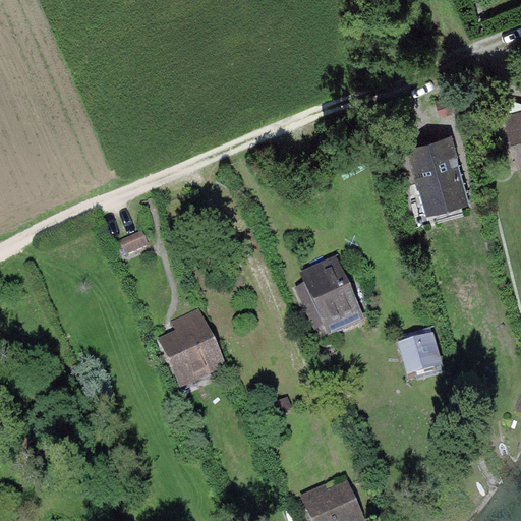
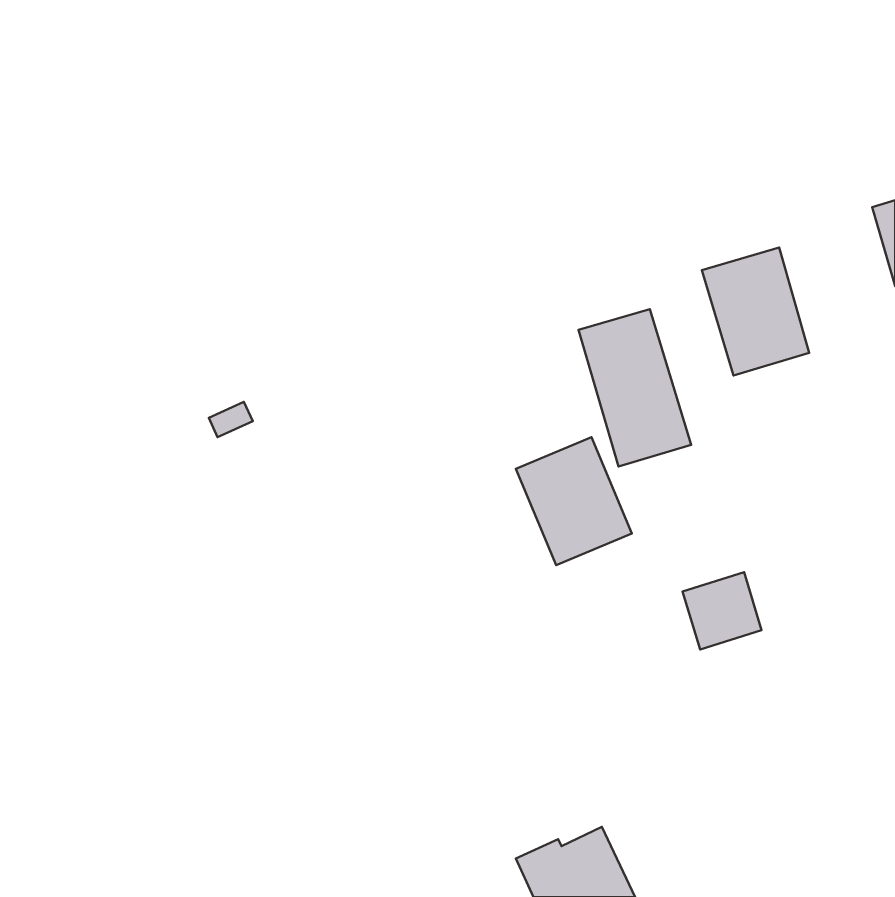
building: none -> [578,309,691,467]
building: [158,310,222,385] -> none

